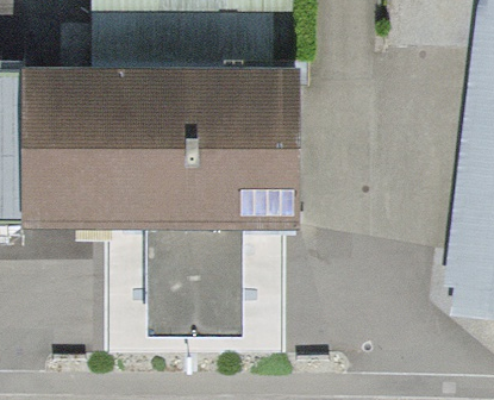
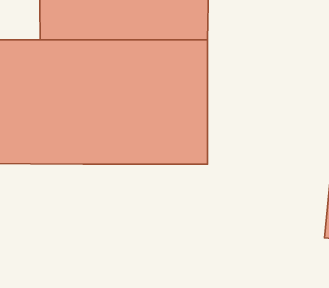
building: [145,224,242,336] -> none

